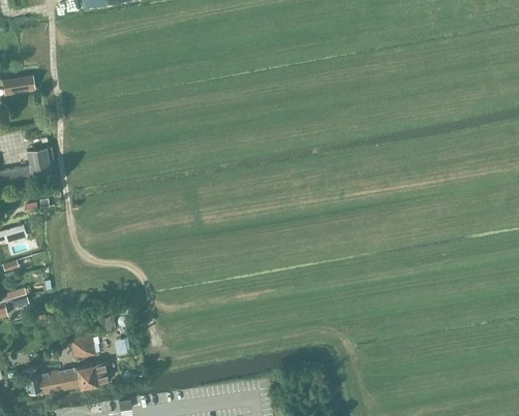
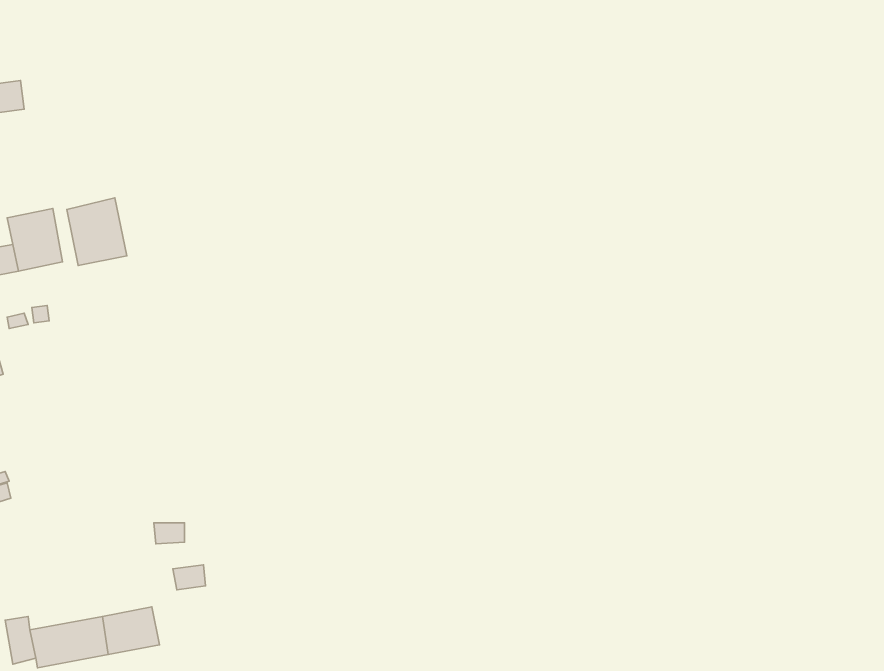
building: none -> [67,198,127,265]
building: [71,338,95,359] -> none

